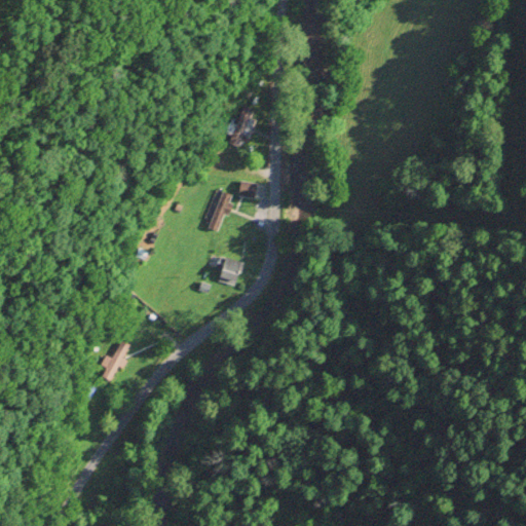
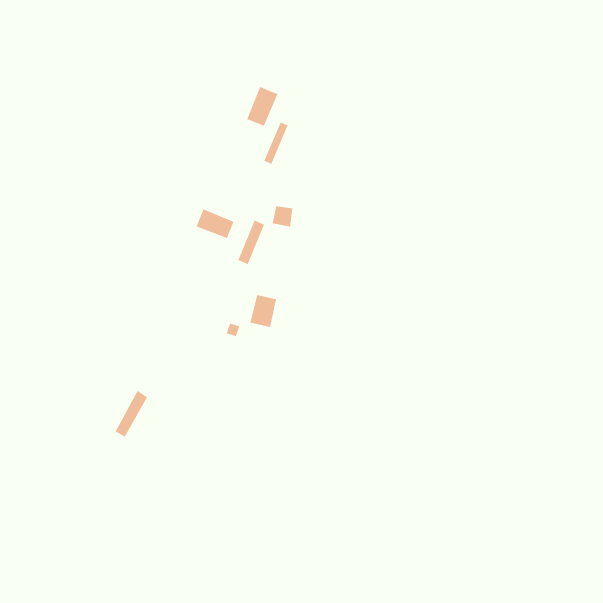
building: none -> [247,86,278,127]
building: none -> [196,208,234,239]

